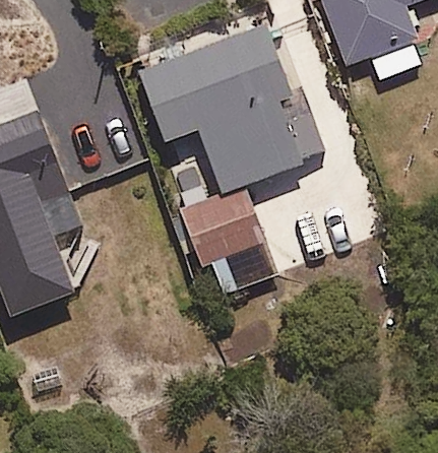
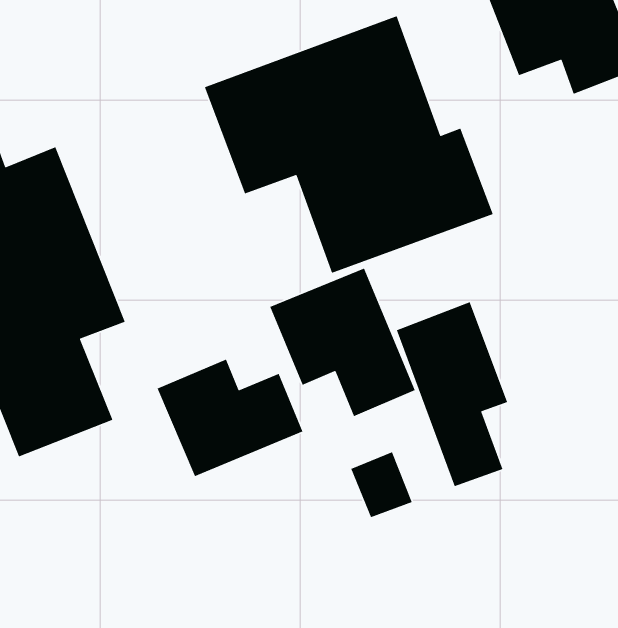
building: none -> [396,301,508,487]
building: none -> [156,358,304,477]

